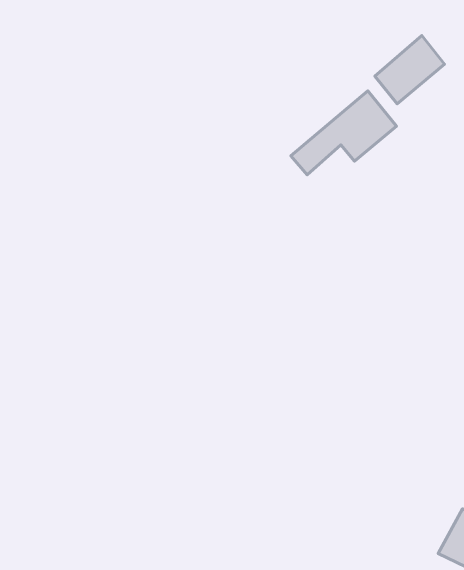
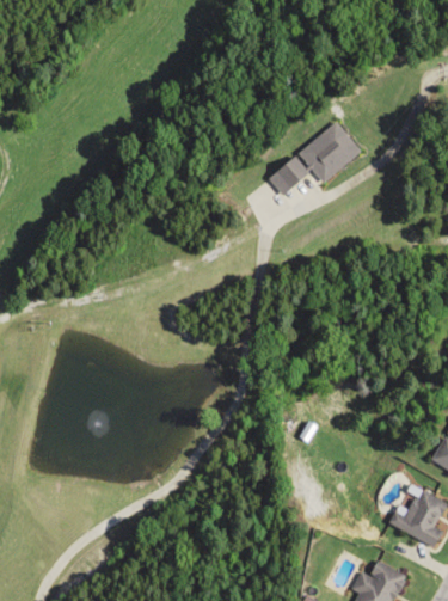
building: [375,35,444,104] -> none

